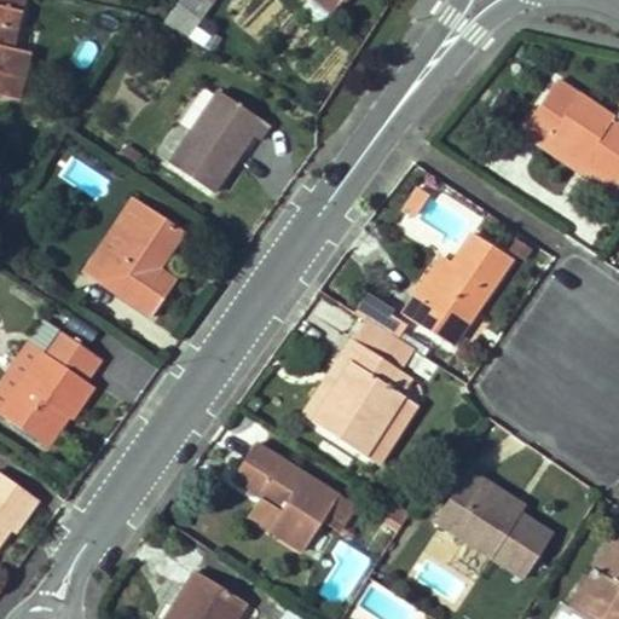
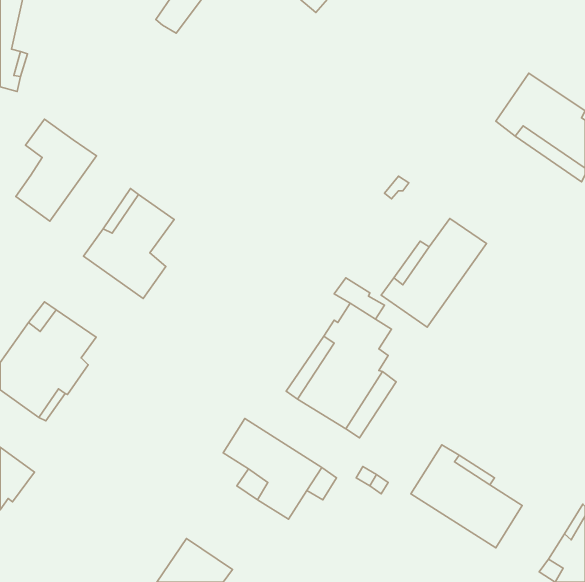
building: [170,89,268,191] -> none
building: none -> [16,119,96,221]

